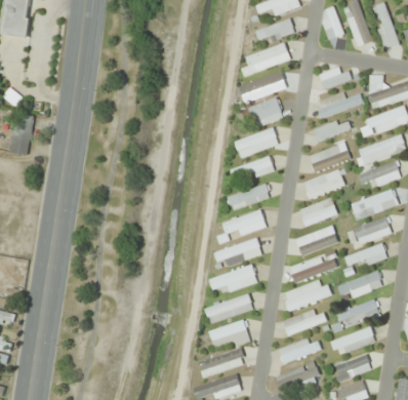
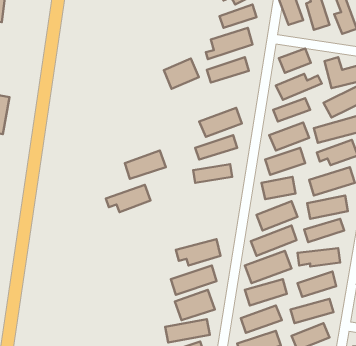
building: [247,96,284,128] -> [164,59,199,89]
building: [222,209,266,239] -> [125,150,166,179]
building: [214,238,261,267] -> [106,185,151,212]

